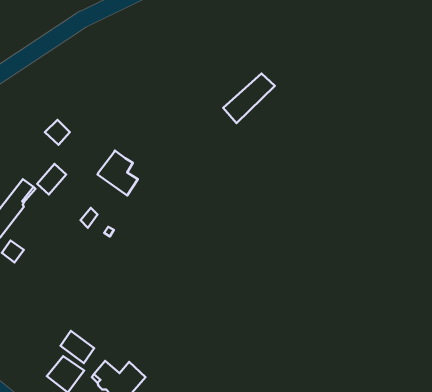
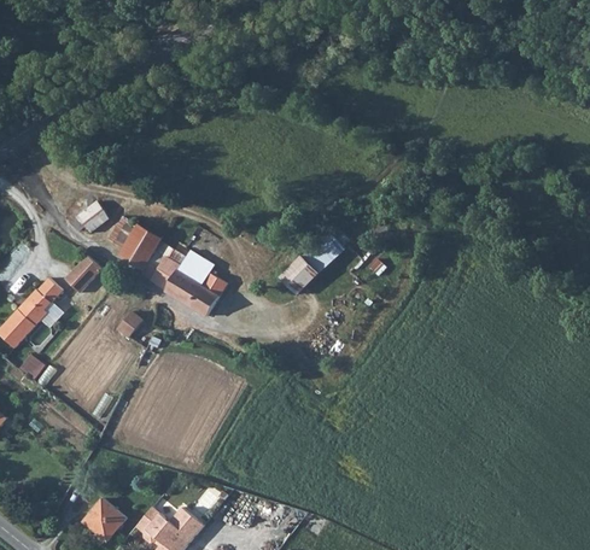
building: [223,74,275,123] -> [280,234,345,297]
building: none -> [117,222,162,267]
building: none -> [179,250,226,314]
building: [60,331,94,363] -> none

